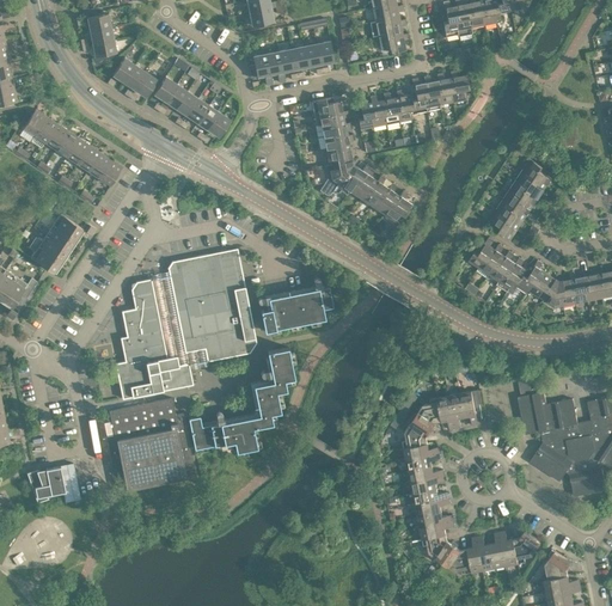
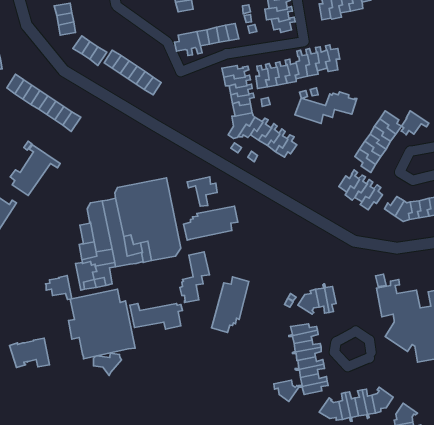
building: none -> [295,92,357,123]
building: none -> [401,111,429,135]
building: none -> [187,177,217,206]
building: [508,261,546,295] -> none
building: [161,365,194,391] -> none
building: none -> [45,275,72,299]
building: none -> [211,277,249,332]
building: [460,391,485,426] -> none
building: [403,420,433,448] -> none
building: none -> [93,353,121,375]
building: [422,534,455,563] -> [274,380,299,402]

